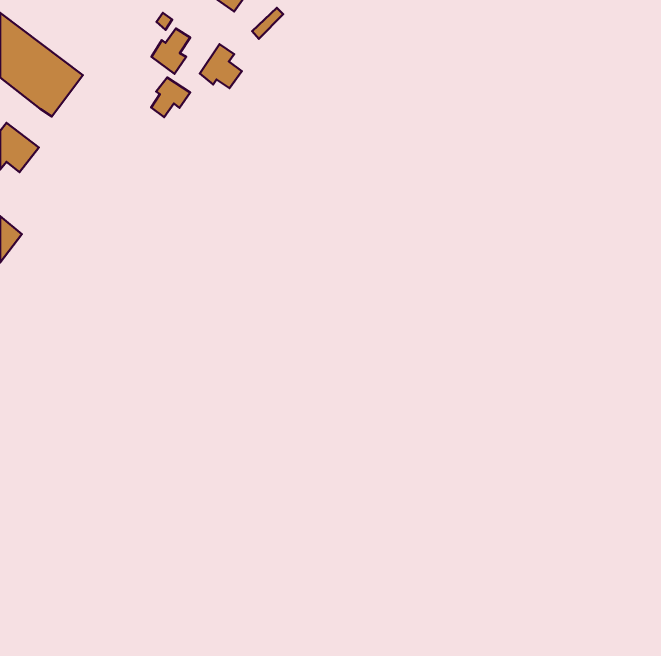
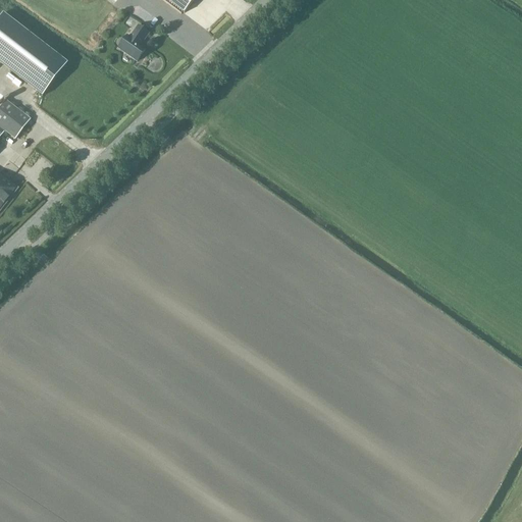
building: [200,44,242,88] -> none
building: [151,77,190,117] -> none

